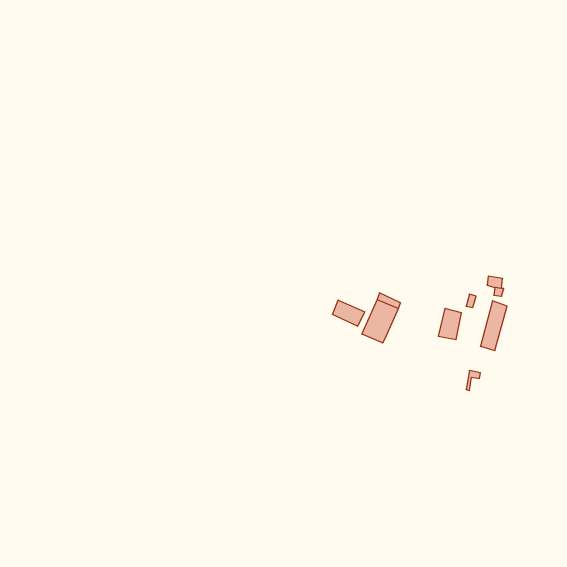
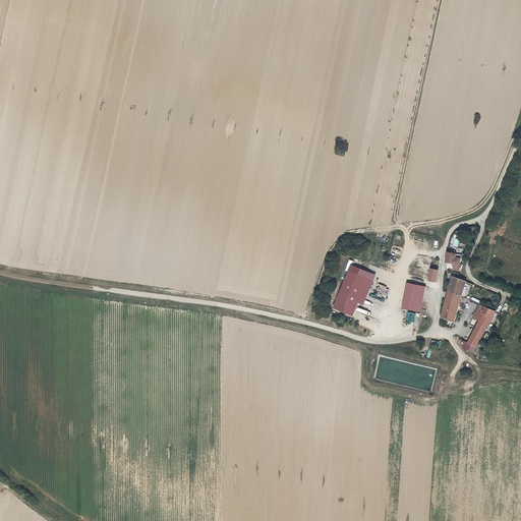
building: [332,300,365,326] -> none
building: none -> [465,303,498,355]

